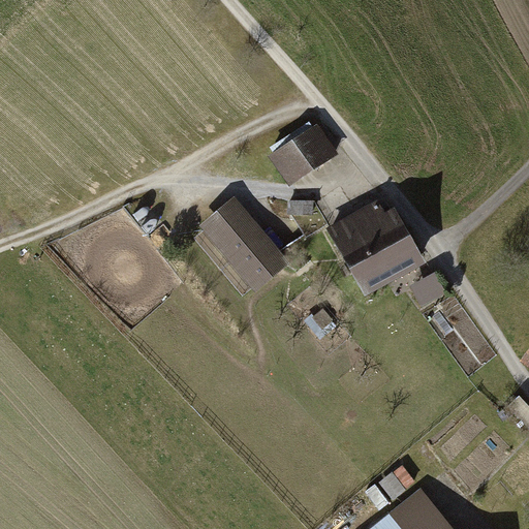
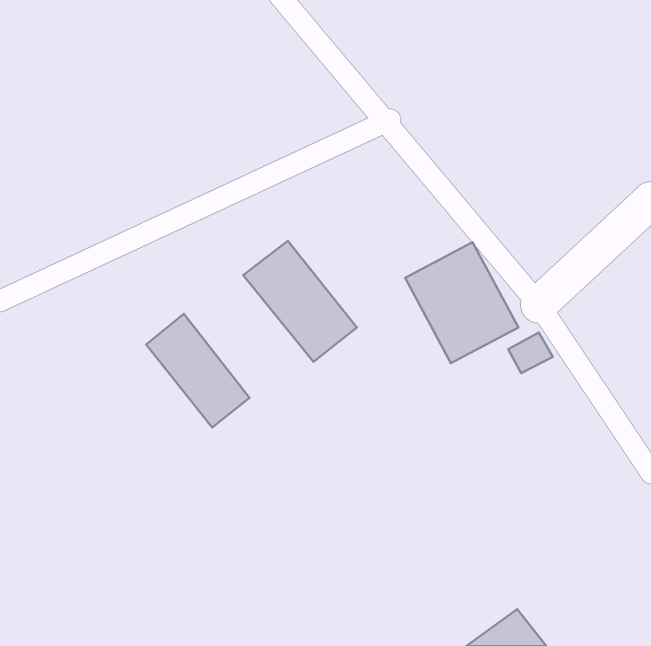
building: [271,122,337,181] -> none
building: none -> [146,314,249,428]

